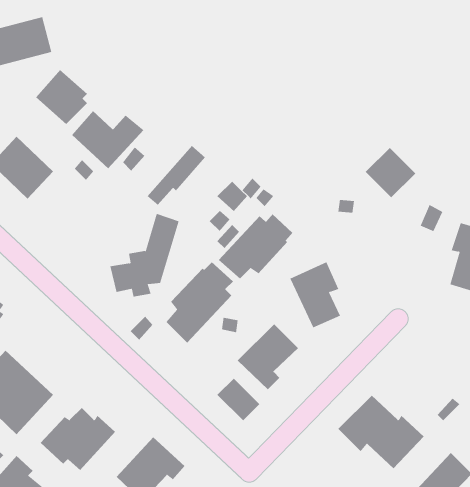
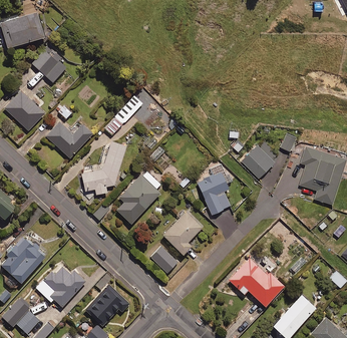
building: [71,110,144,169] -> [45,119,92,157]
building: [365,147,416,198] -> [241,145,274,179]
building: [218,213,293,280] -> none

